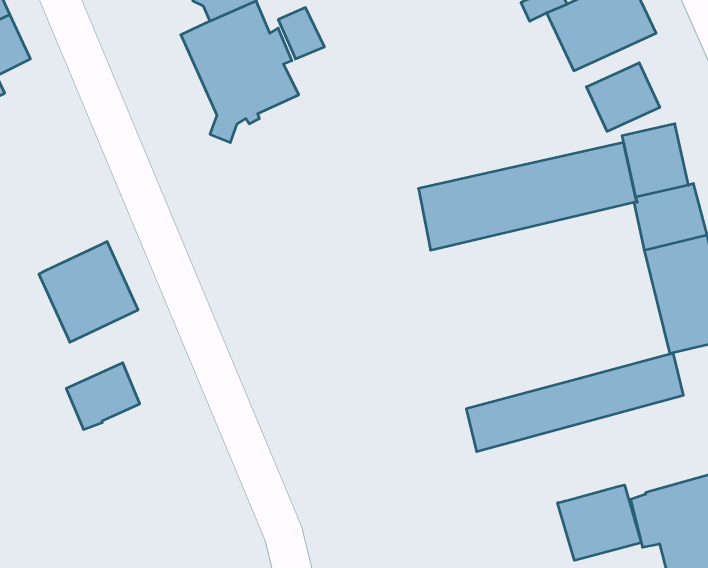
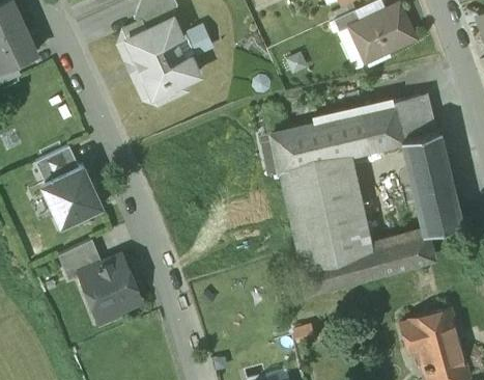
building: [586,63,660,131] -> none
building: none -> [36,146,79,183]
building: none -> [279,154,370,267]
building: none -> [80,257,141,313]
building: [558,485,641,560] -> none

